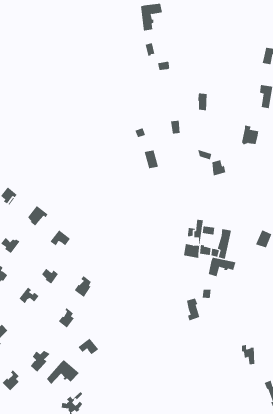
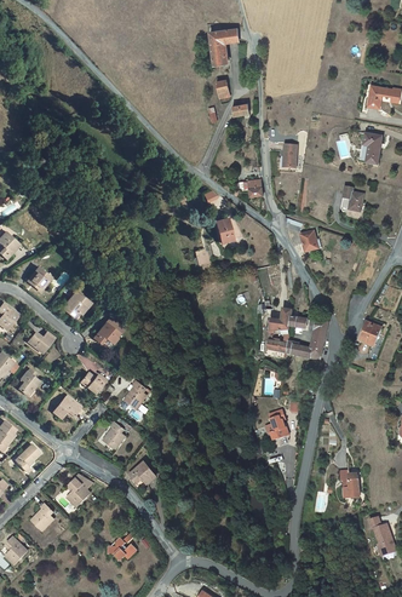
building: [208,257,236,277] -> none
building: [46,359,80,385] -> none

